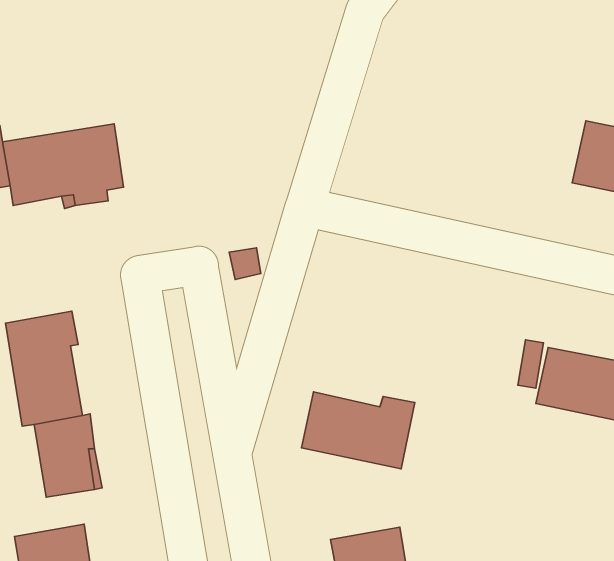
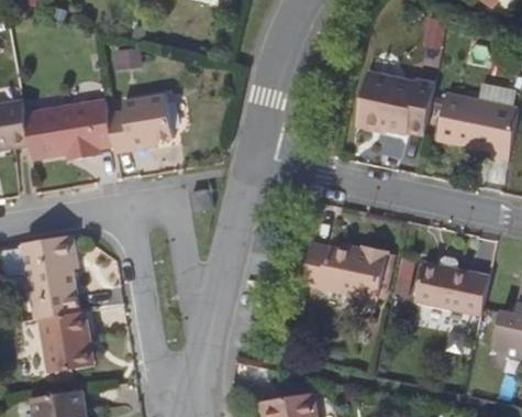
building: none -> [359,74,433,136]
building: none -> [107,95,173,151]
building: [301,392,415,469] -> [301,241,384,297]

